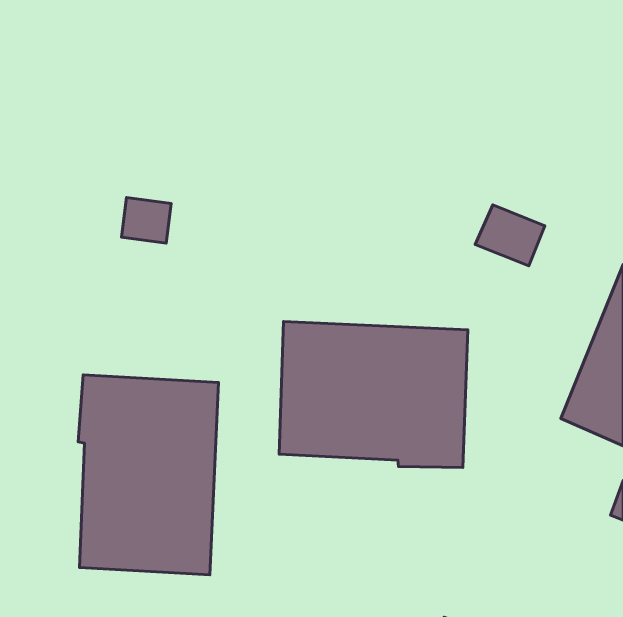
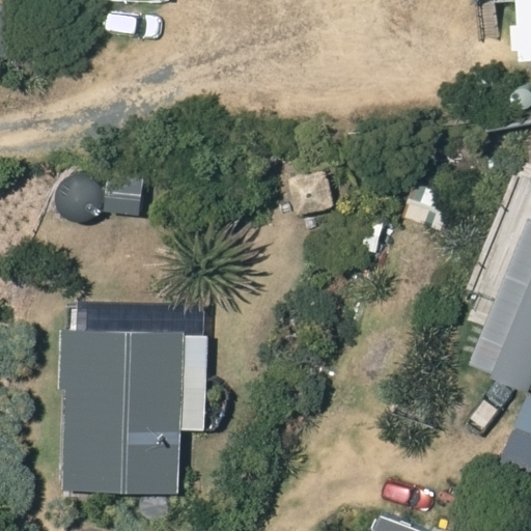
building: [279,322,468,467] -> none

